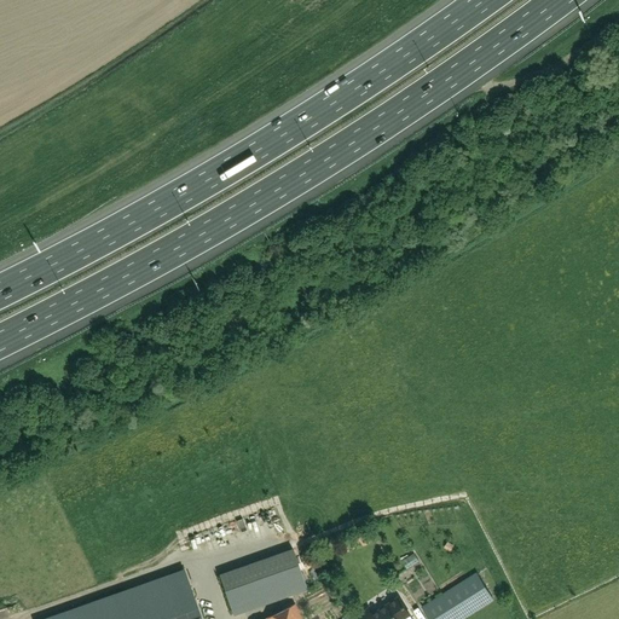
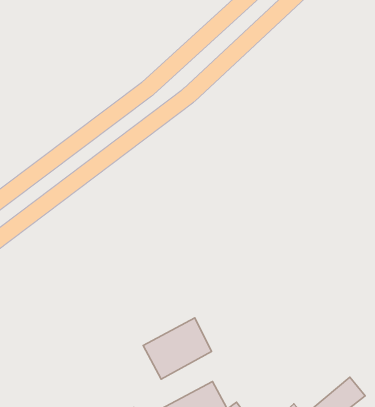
building: none -> [143,318,212,379]

